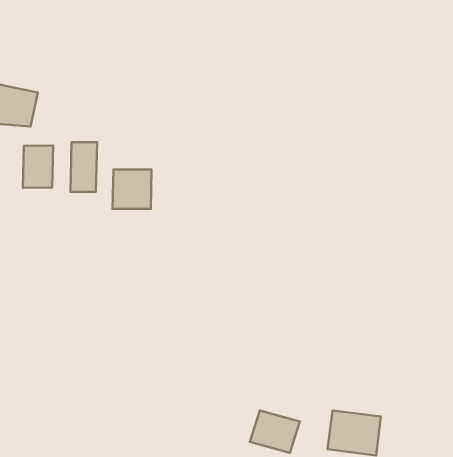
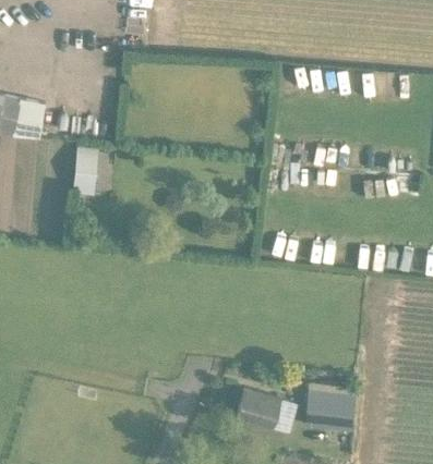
building: [23,145,53,188] -> none
building: [113,169,152,209] -> none

